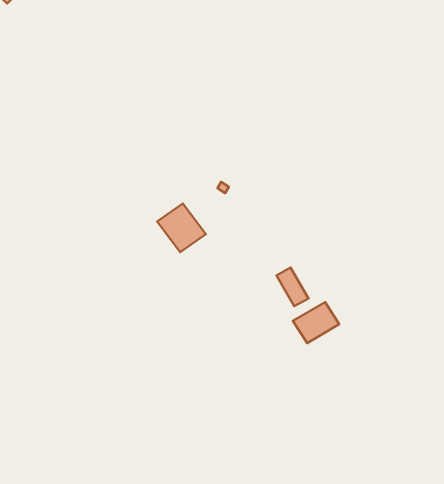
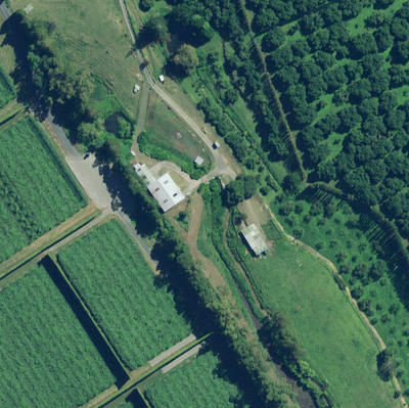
building: [293,302,339,343] -> none

